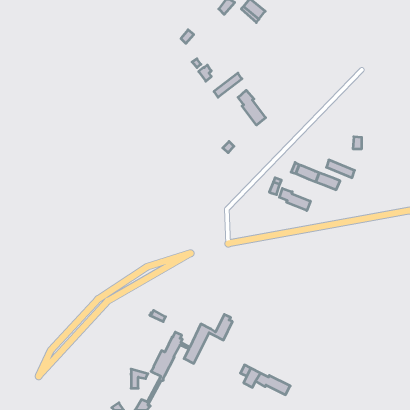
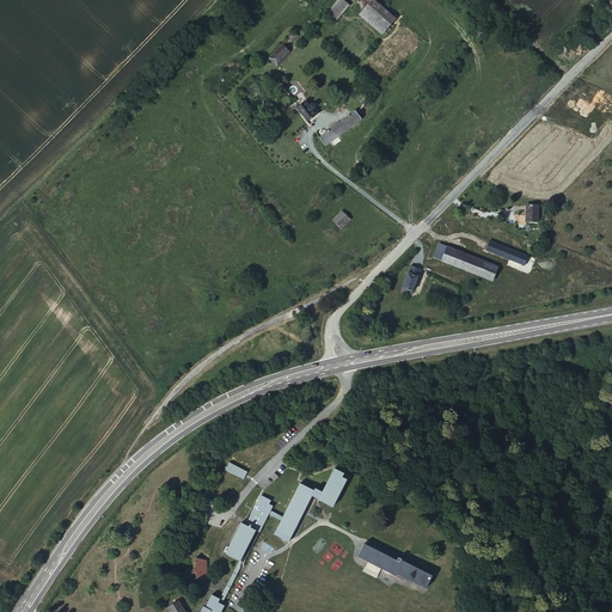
building: [238,90,266,125] -> none
building: [279,188,310,211] -> none

